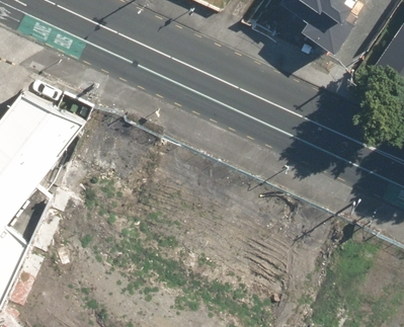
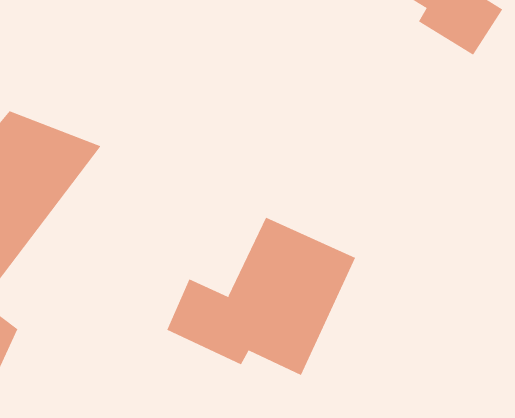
building: none -> [166,217,356,376]

